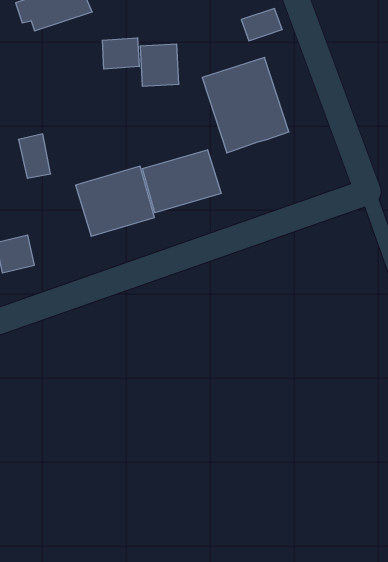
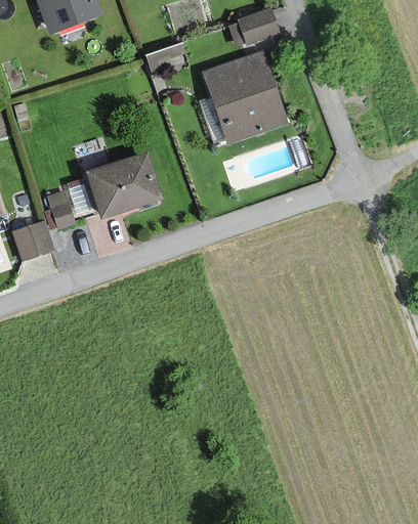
building: [102,38,139,69] -> none
building: [18,134,51,178] -> [46,183,76,224]
building: [142,150,221,213] -> none

